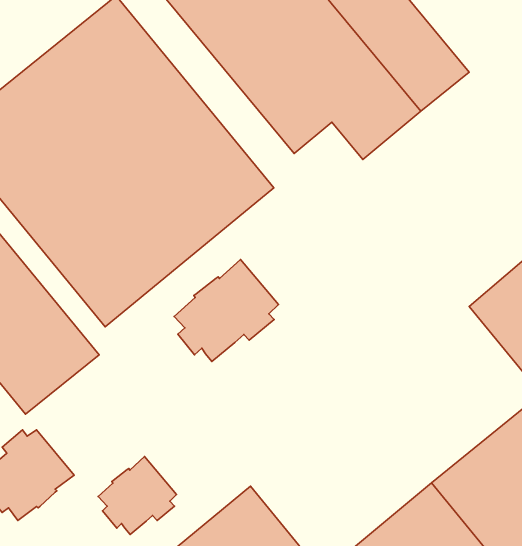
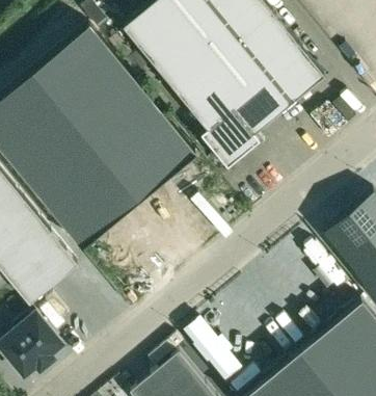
building: none -> [203,110,261,167]
building: [174,259,278,361] -> none
building: [98,456,177,535] -> none

